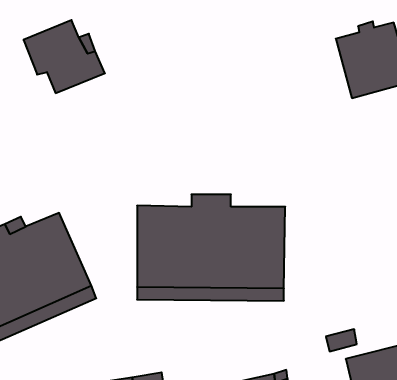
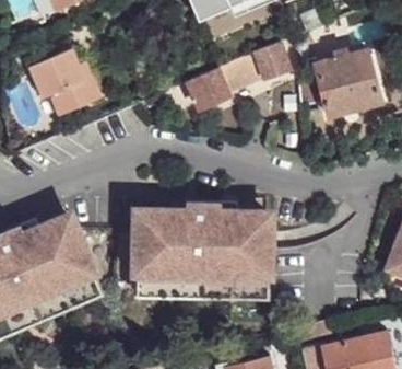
building: none -> [186,43,288,108]

